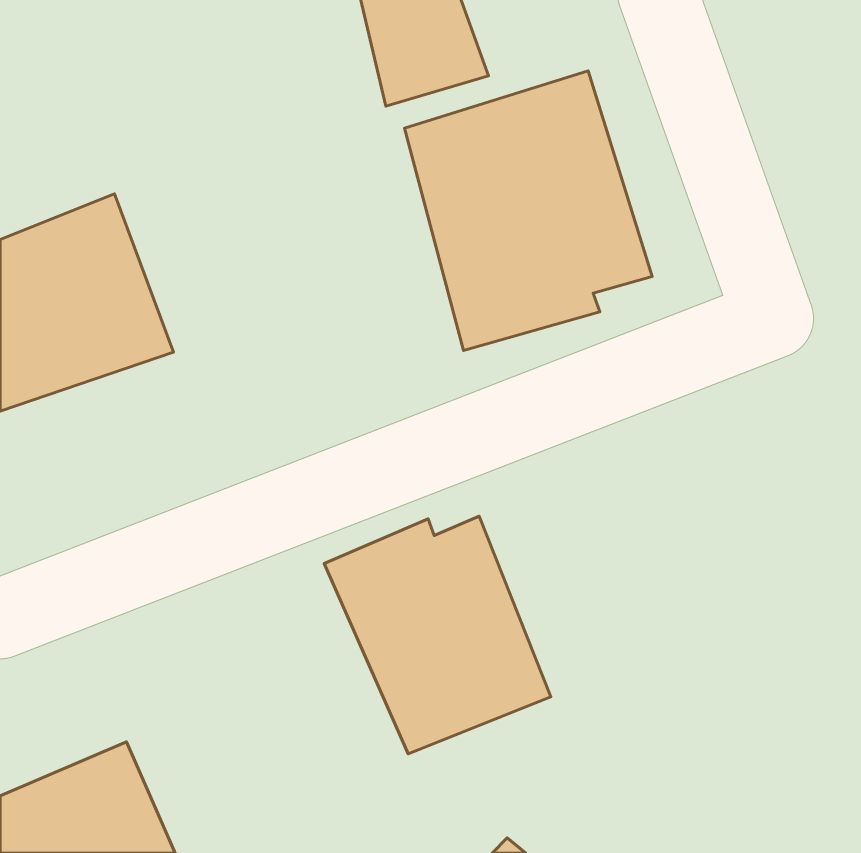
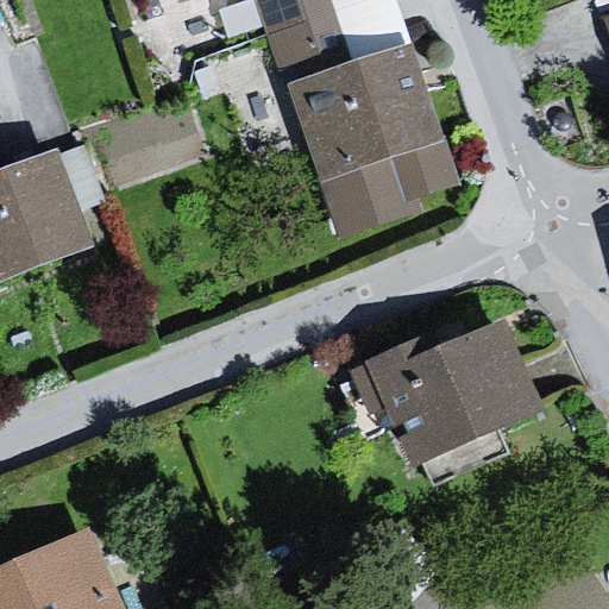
building: none -> [363,314,541,464]
building: [324,516,551,754] -> none

